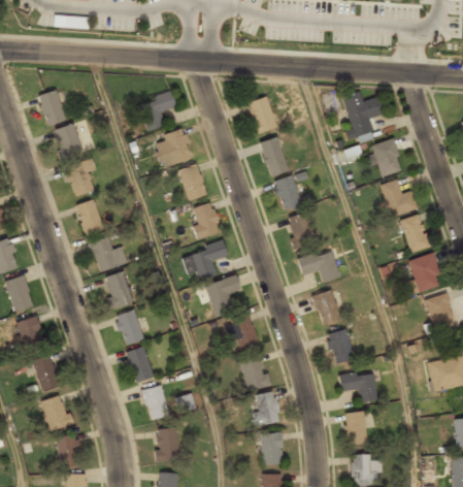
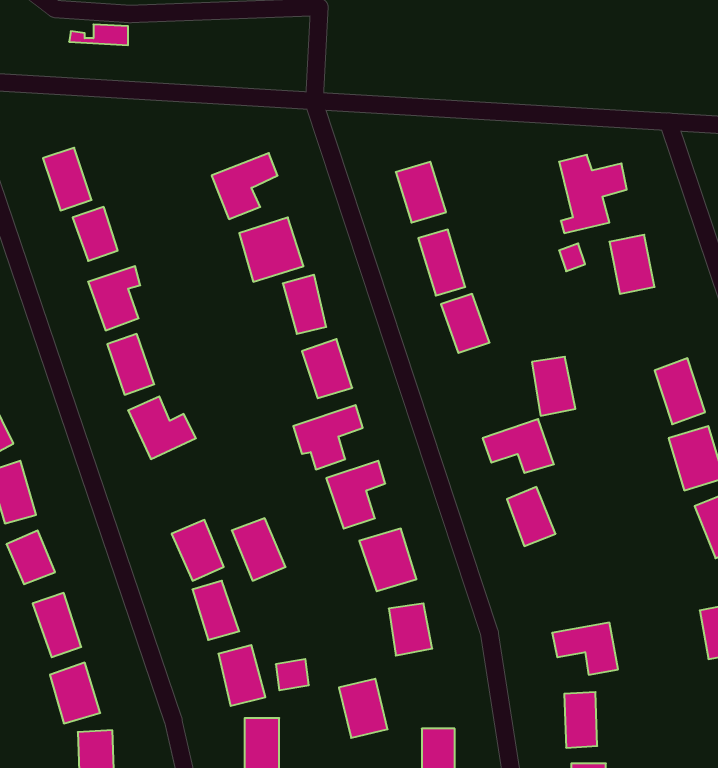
building: [381,180,417,216] -> none
building: [289,213,315,248] -> [532,357,575,416]
building: [102,271,134,309] -> [232,518,286,581]
building: [327,328,354,362] -> none
building: [252,391,280,426] -> [339,679,388,738]

